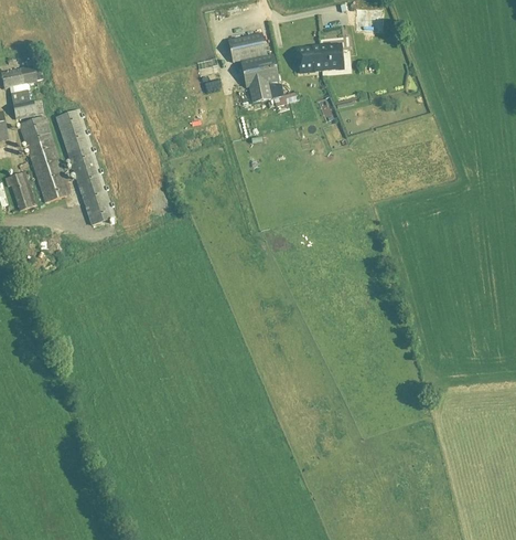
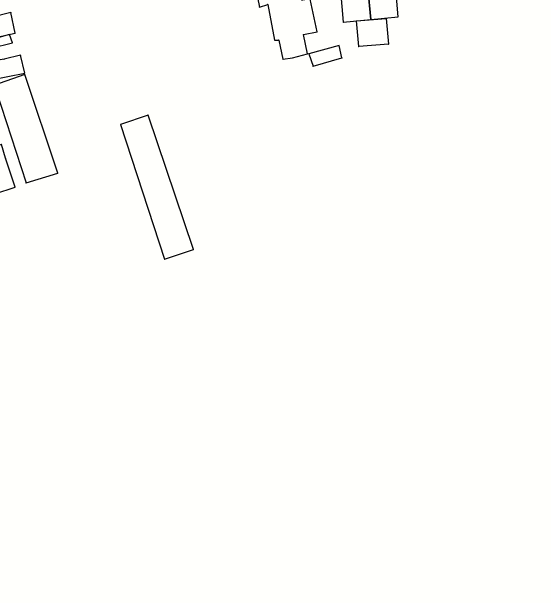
building: none -> [356,19,388,47]
building: [55,108,114,224] -> [121,115,193,259]

